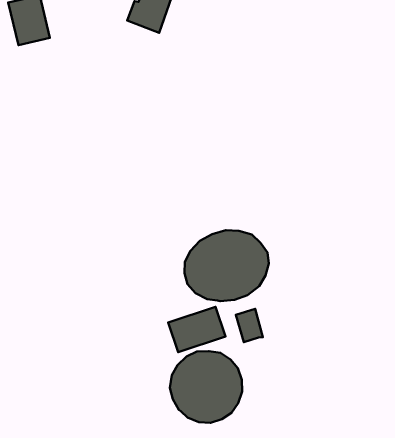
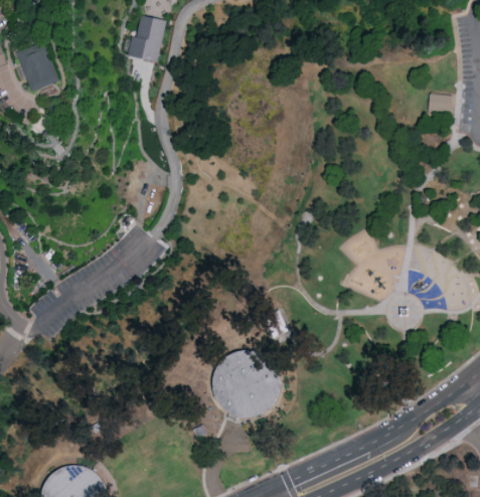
building: [184,230,269,301] -> none
building: [168,307,225,352] -> none

